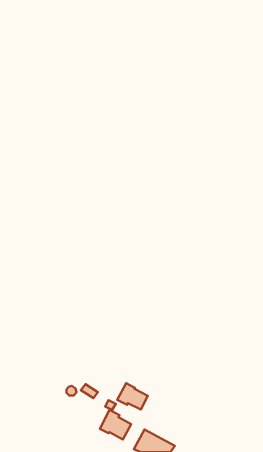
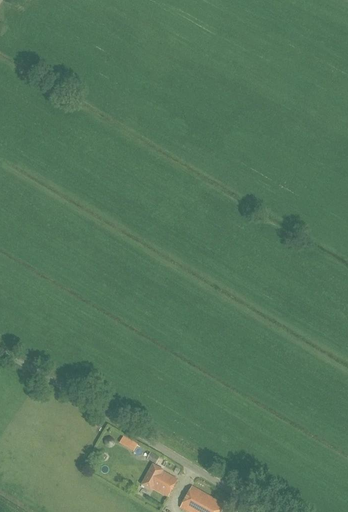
building: [117,383,148,410] -> none

